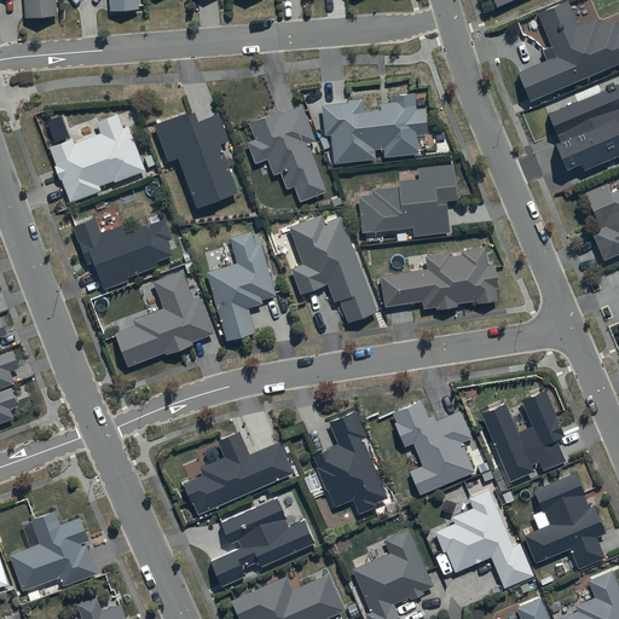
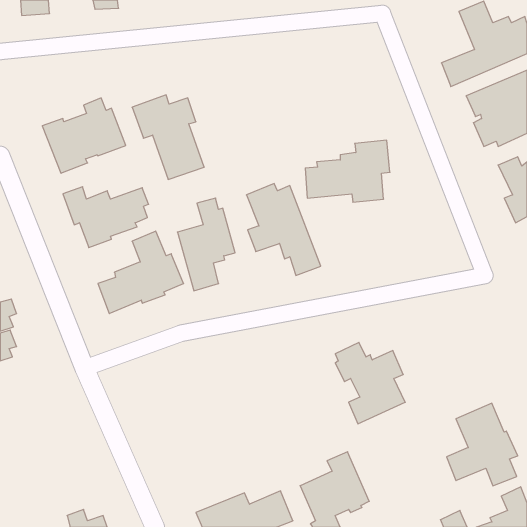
building: [322,93,428,163] -> none
building: [247,106,326,202] -> none
building: [380,249,498,311] -> none
building: [481,392,566,484] -> none
building: [313,411,387,515] -> none
building: [184,430,293,515] -> none
building: [435,490,534,589] -> none
building: [212,498,316,588] -> none
building: [10,511,98,591] -> none

